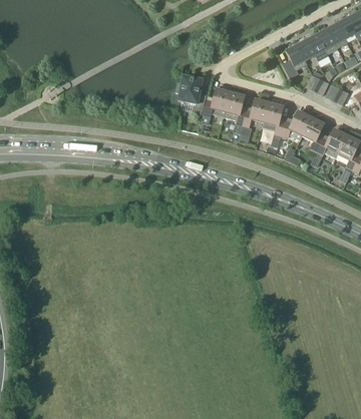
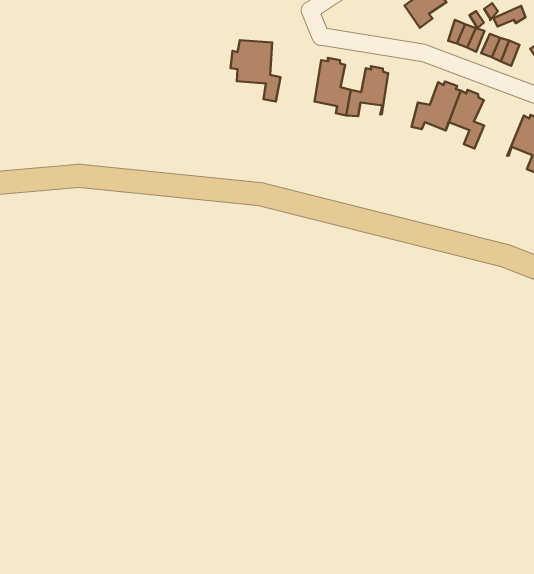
building: [203,86,230,116] -> none
building: [263,101,285,135] -> none
building: [316,128,347,157] -> none

